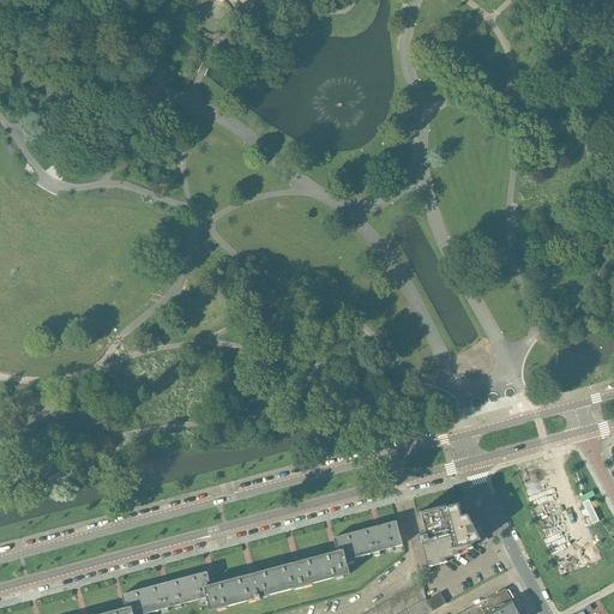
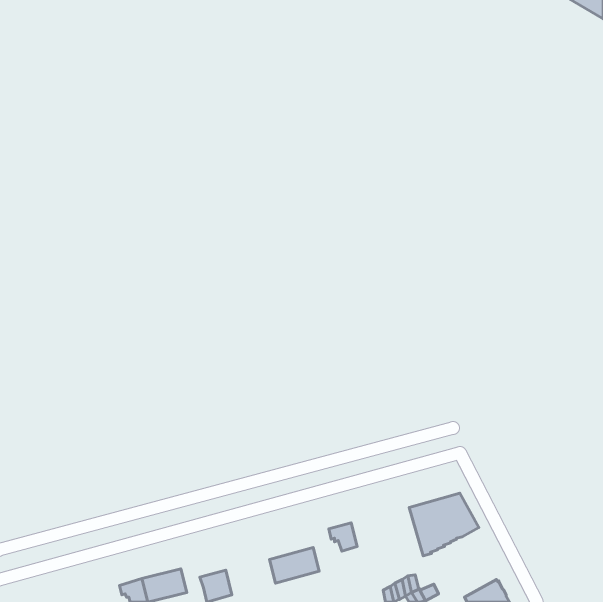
building: [356,519,402,554] -> none
building: [318,548,350,579] -> none
building: [229,567,279,603] -> none
building: [183,570,210,601] -> none

